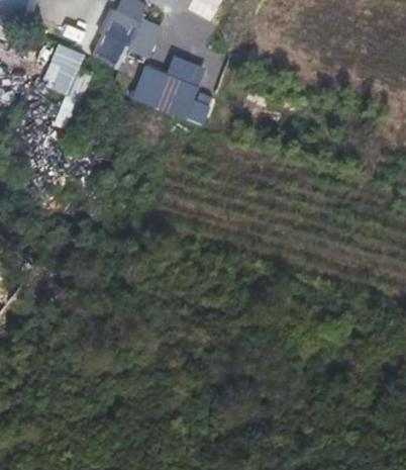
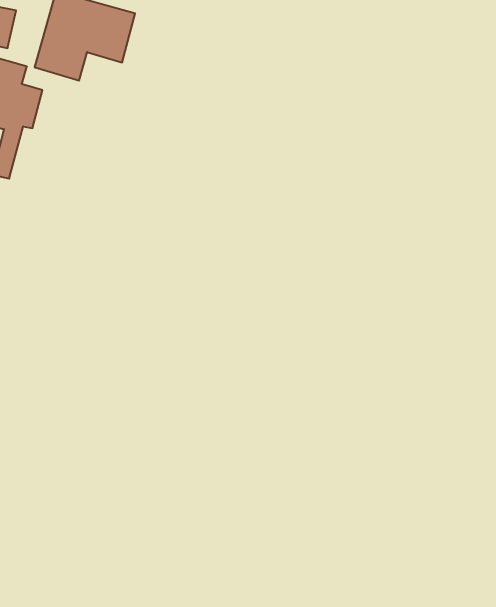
building: [136,64,199,114] -> none

